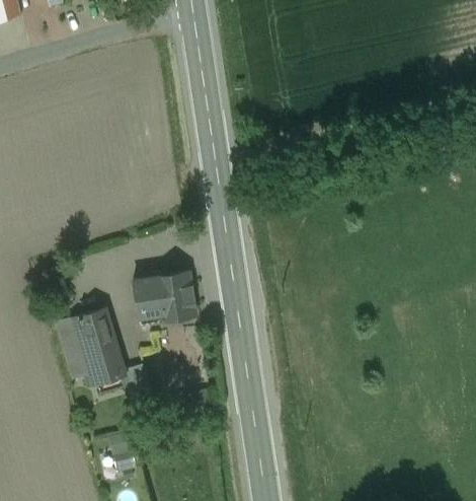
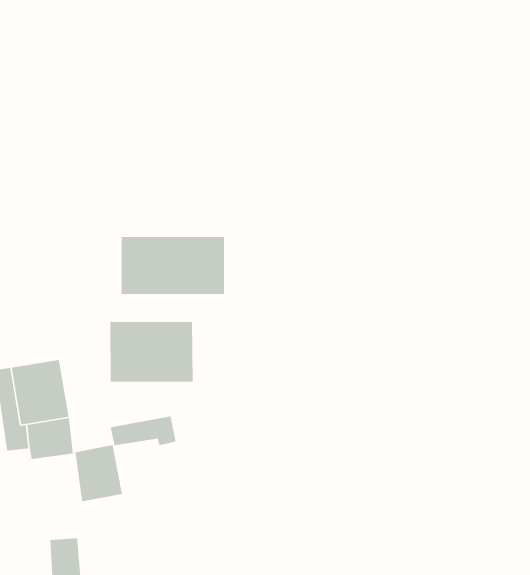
building: none -> [121,236,225,295]
building: none -> [110,415,177,446]

